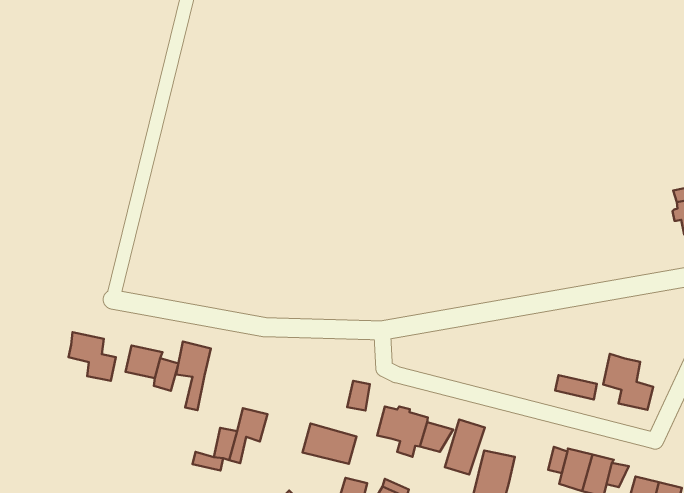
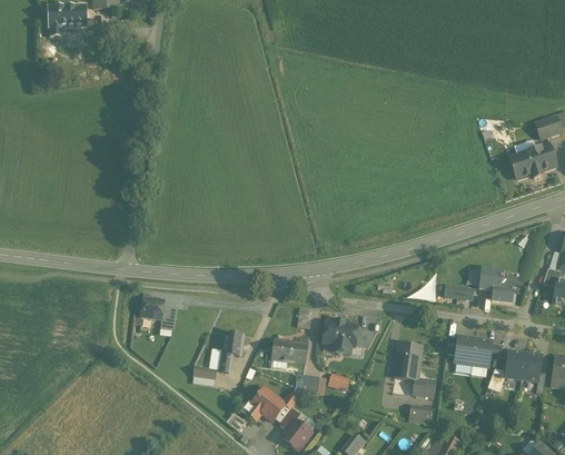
building: [68,332,116,381] -> none
building: [176,342,211,410] -> none
building: [445,419,485,475] -> none

